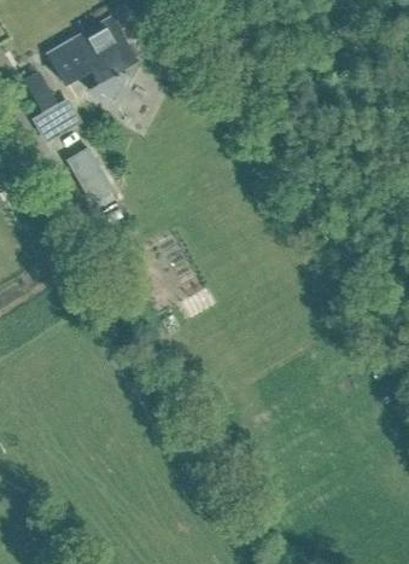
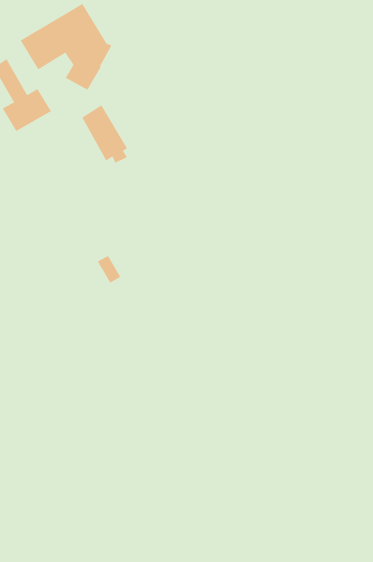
building: [68,147,111,203] -> [81,105,128,164]

